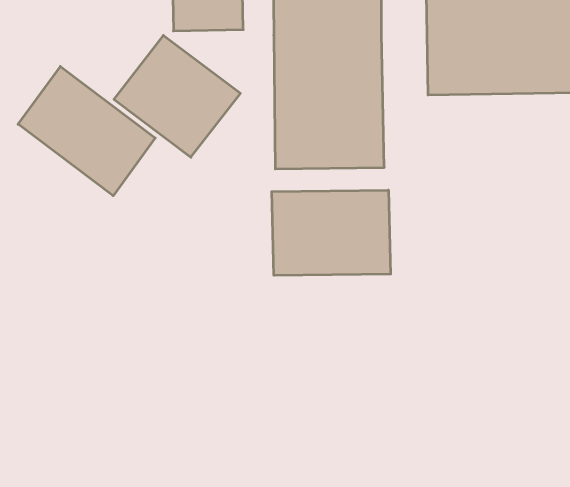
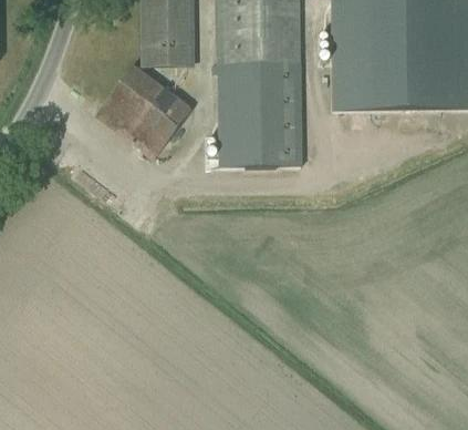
building: [18,66,155,196] -> none
building: [272,190,391,275] -> none

